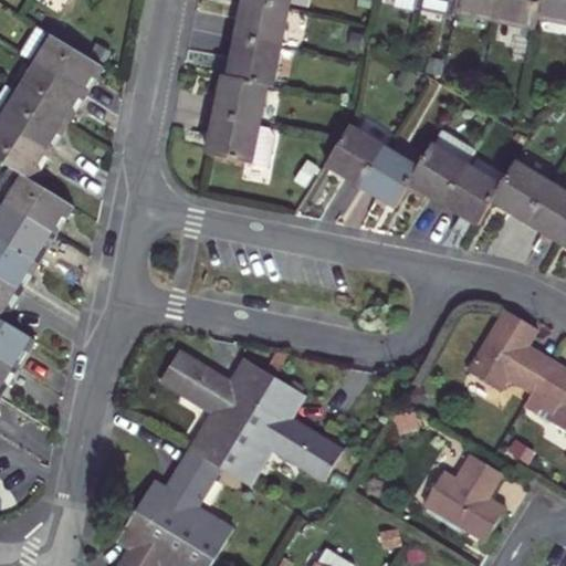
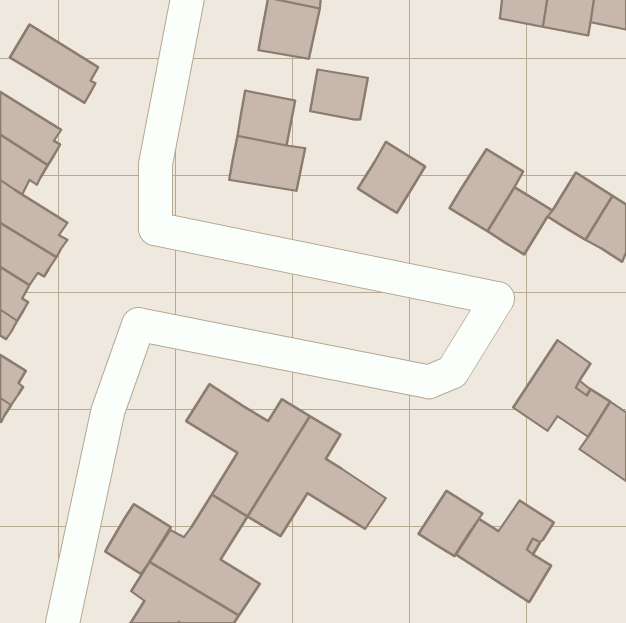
building: [227,45,279,91] -> [310,69,368,120]
building: [9,62,76,117] -> none
building: [358,150,416,212] -> none
building: none -> [419,491,482,556]
building: none -> [105,504,171,574]

